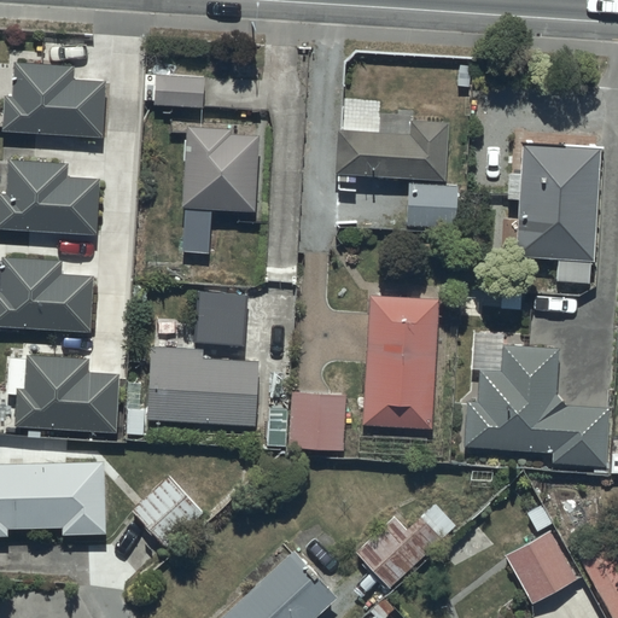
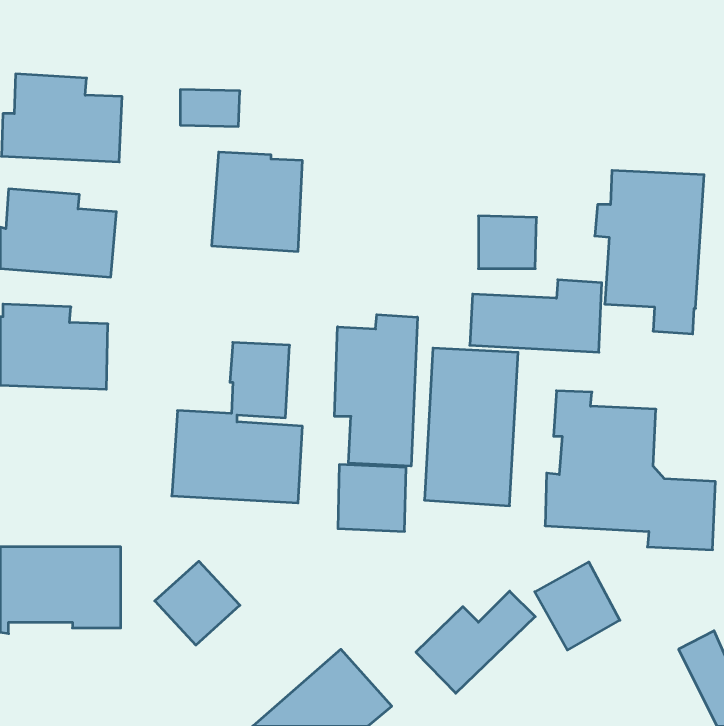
building: [336,119,448,181] -> [470,280,602,352]
building: none -> [335,315,417,466]
building: [6,355,119,433] -> none
building: [505,530,577,605] -> [535,562,620,650]

